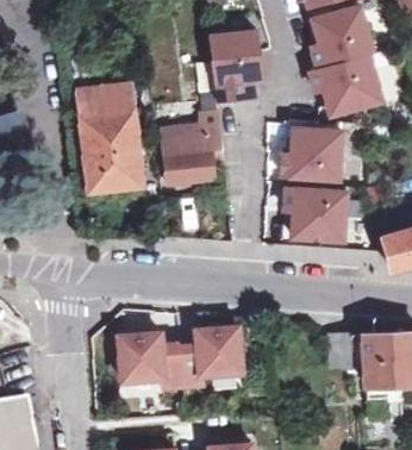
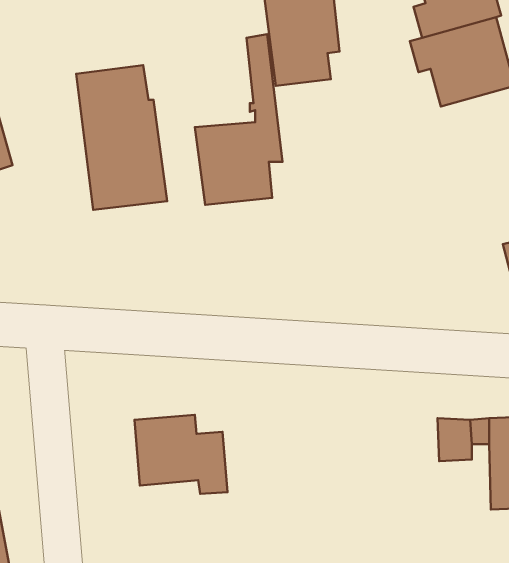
building: [282,131,343,182] -> none
building: [286,192,348,243] -> none
building: [180,326,242,385] -> none

